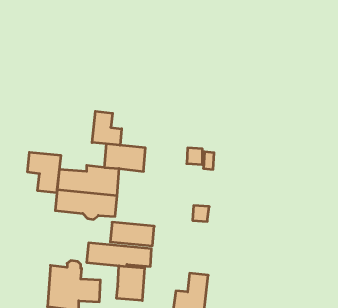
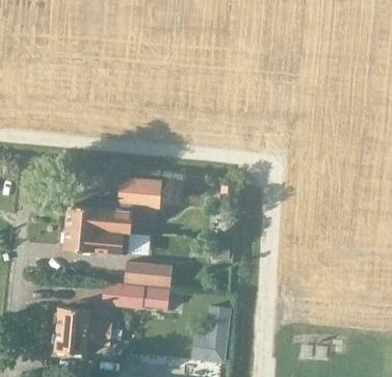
building: [92,111,122,145] -> none
building: [28,152,61,193] -> none
building: [117,266,145,301] -> none

